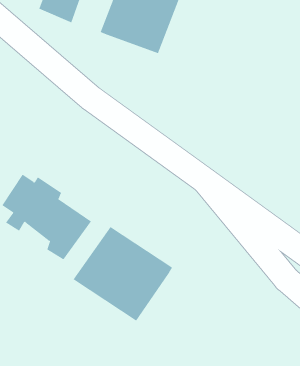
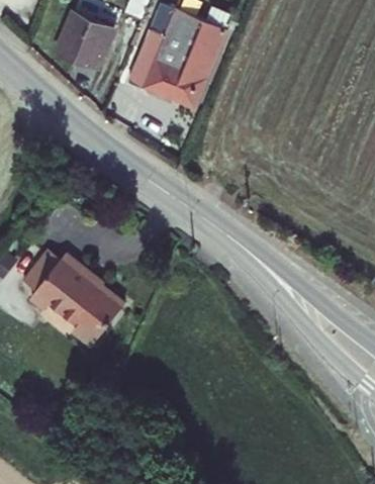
building: [73,226,173,321] -> none

